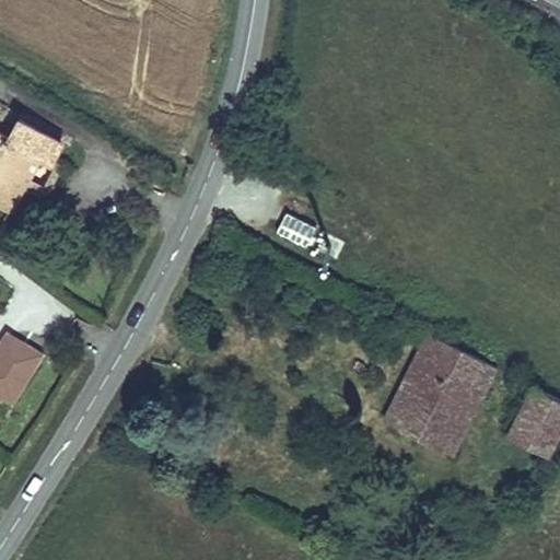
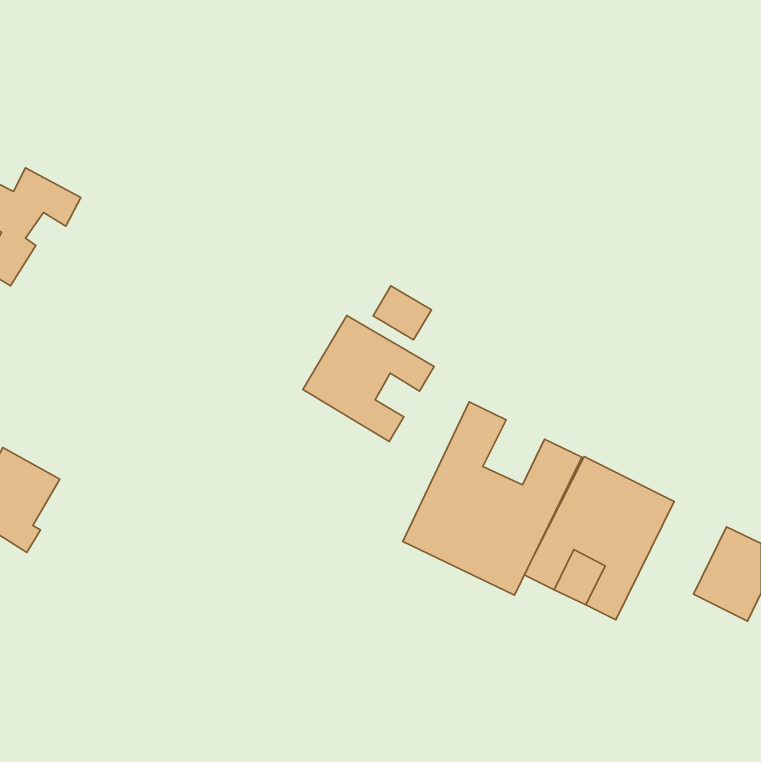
building: none -> [303,316,434,441]
building: none -> [403,402,582,595]

